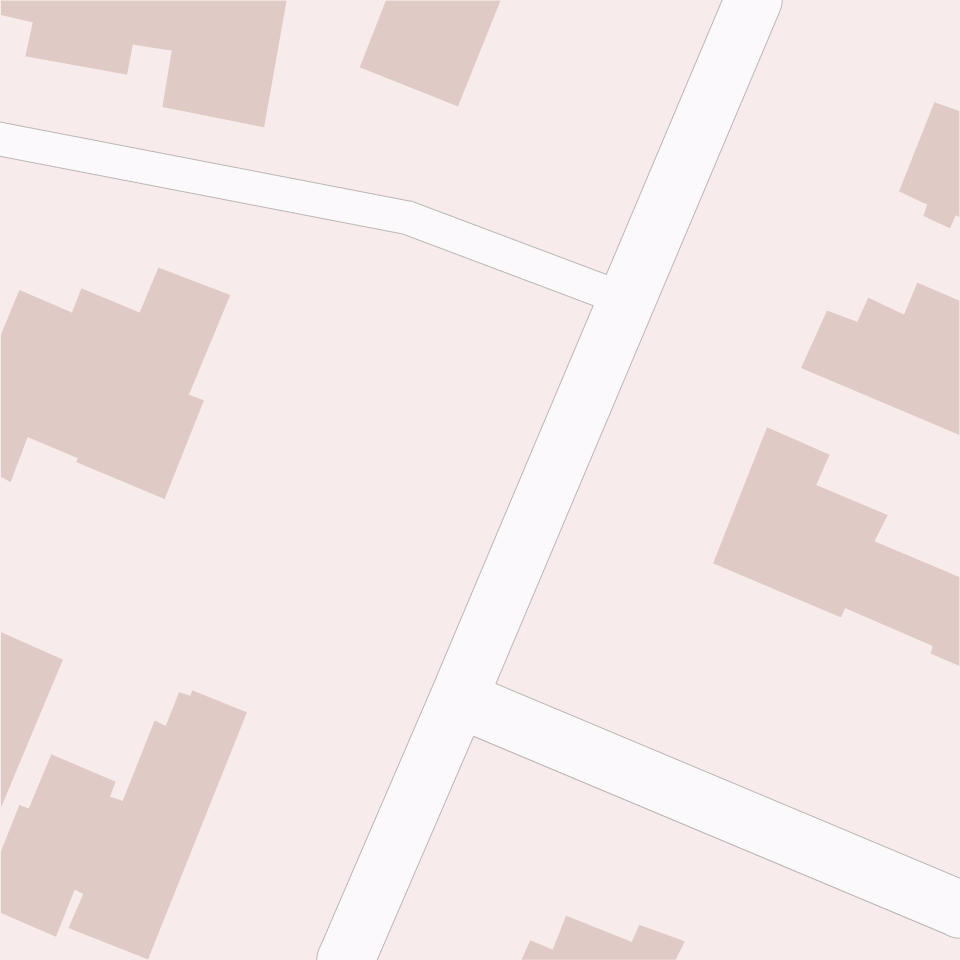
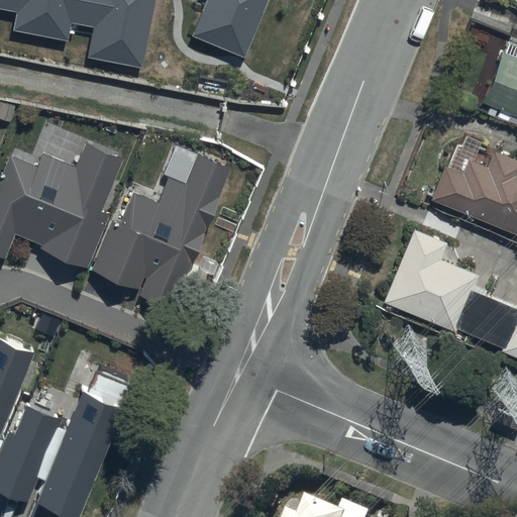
building: none -> [92,153,232,309]

